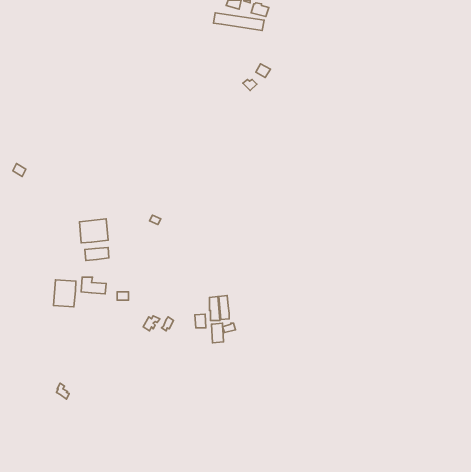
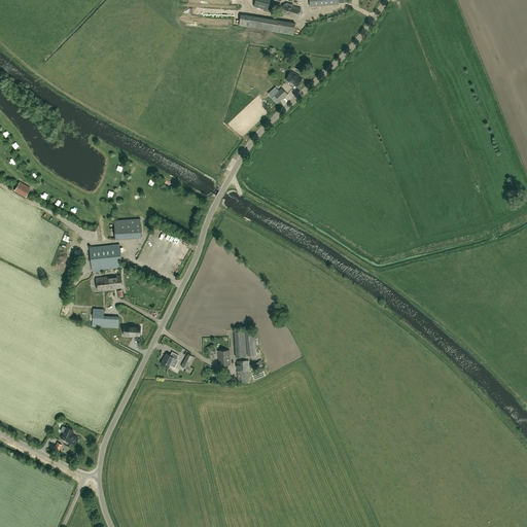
building: none -> [113,219,140,239]
building: [54,280,76,307] -> none

